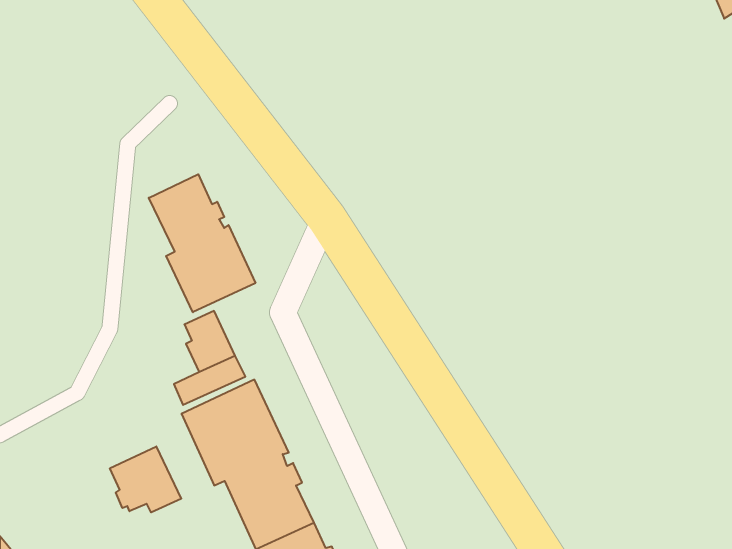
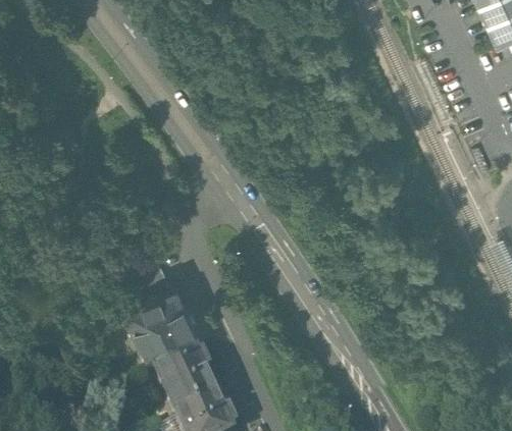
building: [149,174,255,312] -> none
building: [110,446,181,512] -> none

